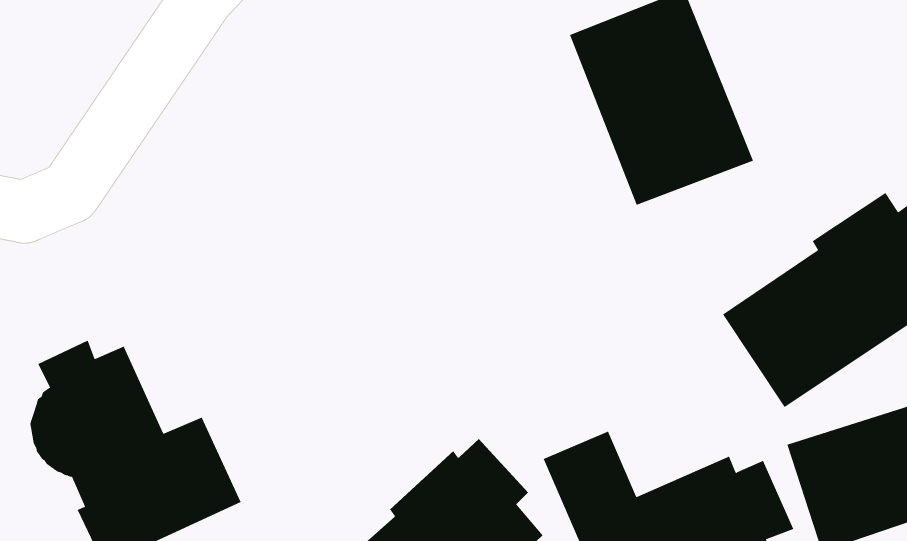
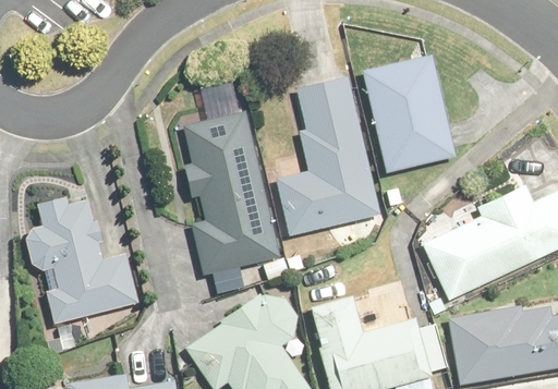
building: none -> [278,76,379,236]
building: none -> [184,110,281,276]

